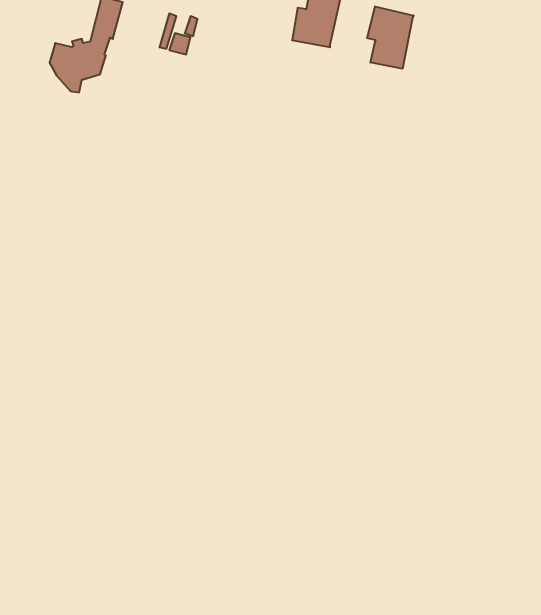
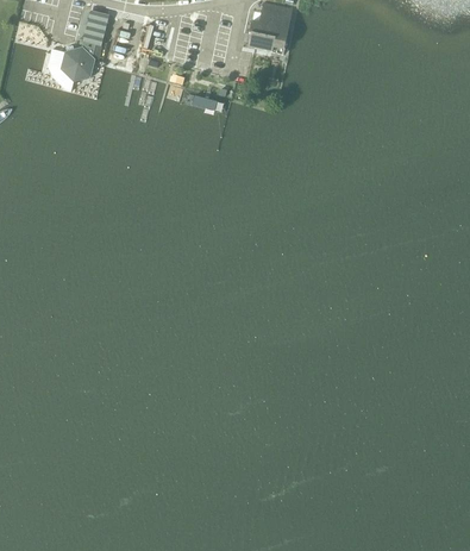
building: [367,6,414,69] -> none

